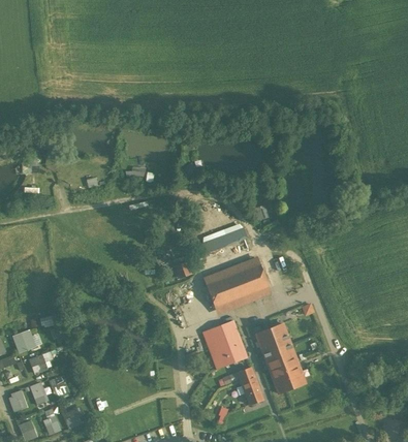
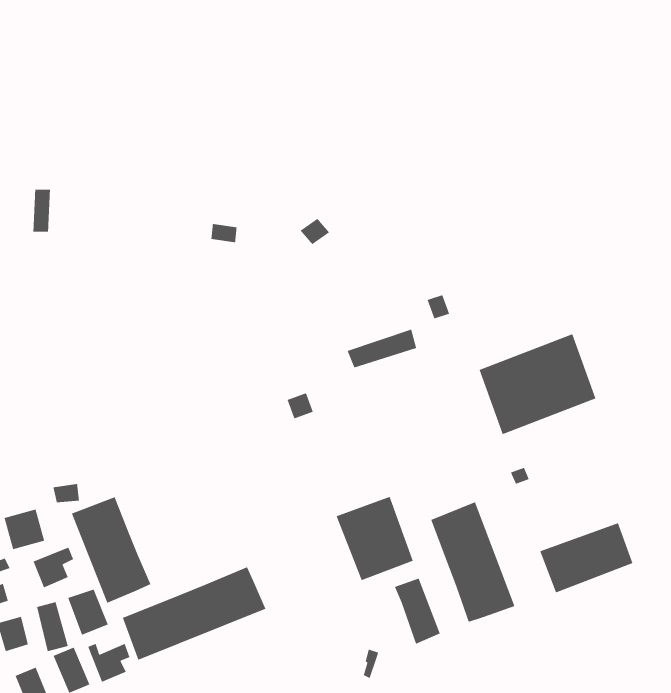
building: [202,257,270,315] -> [478,333,596,435]
building: none -> [71,496,151,604]
building: none -> [539,522,633,593]
building: none -> [122,566,267,661]

